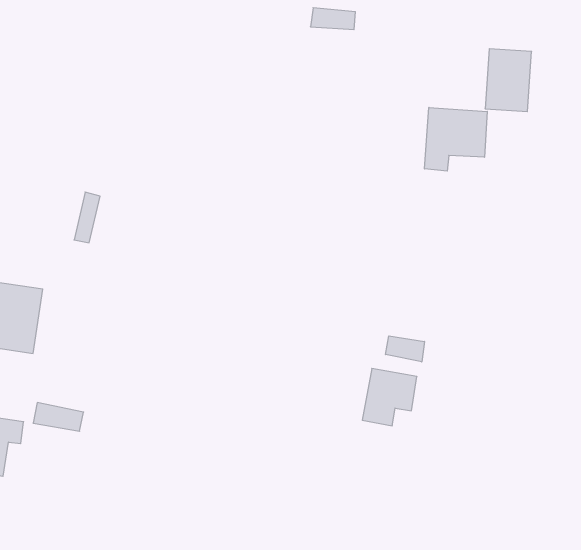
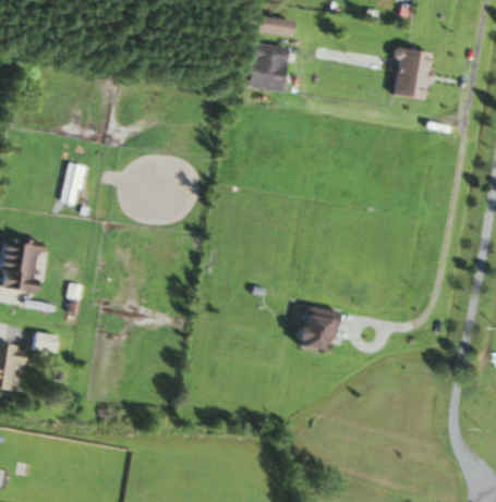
building: none -> [247,44,289,93]
building: [425,107,487,171] -> none
building: [386,336,424,362] -> none

